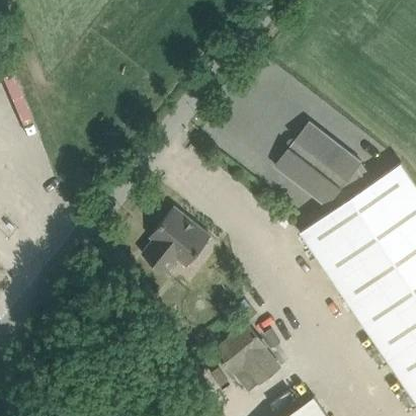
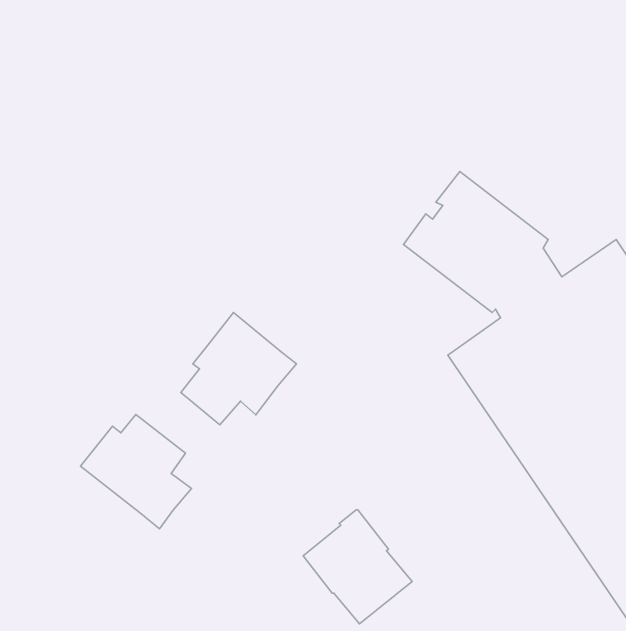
building: none -> [81,414,192,529]

